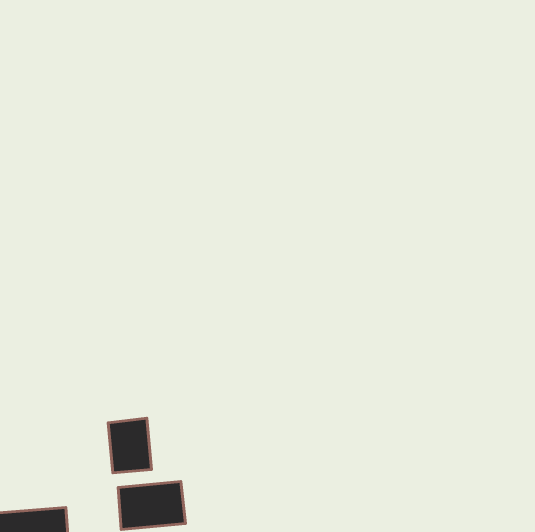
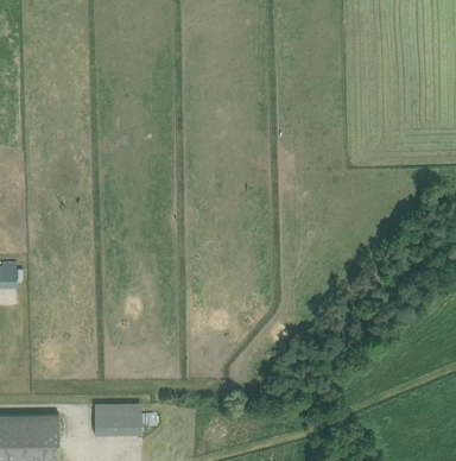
building: [108,418,152,473] -> none

